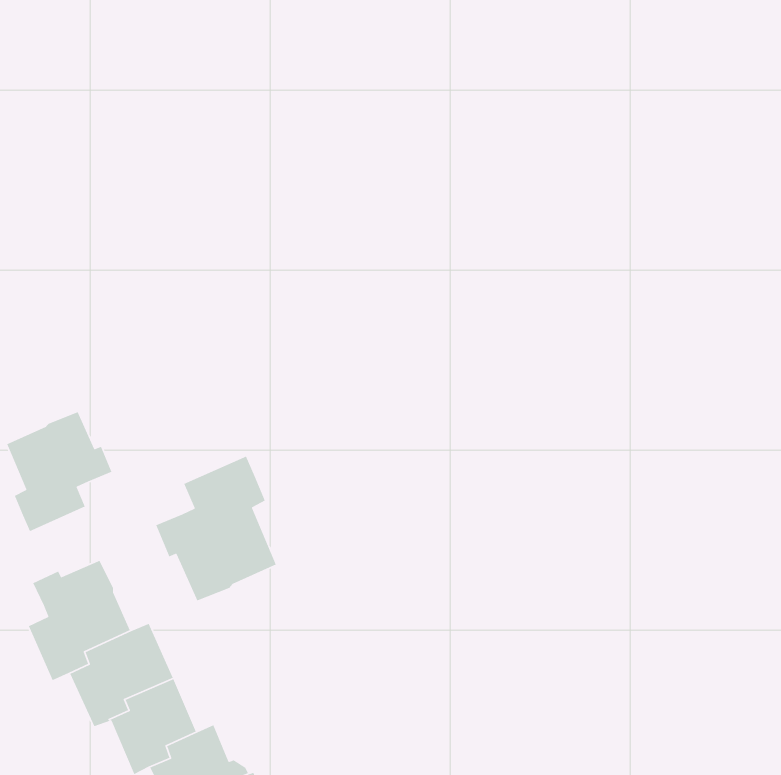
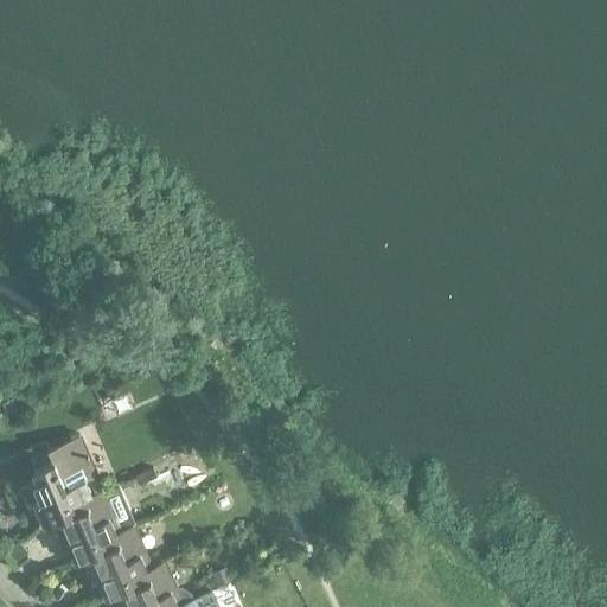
building: [6,411,112,532] -> none
building: [155,455,277,601] -> none

